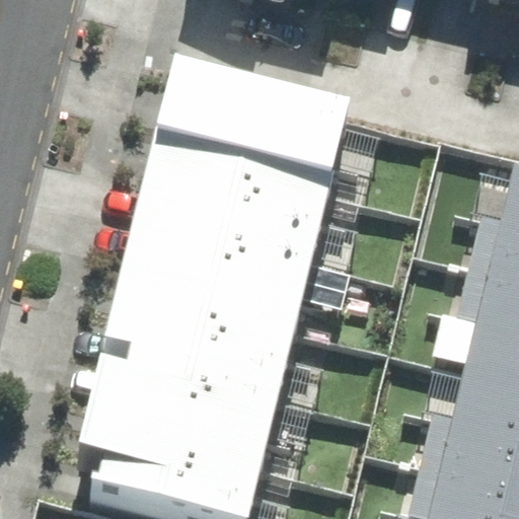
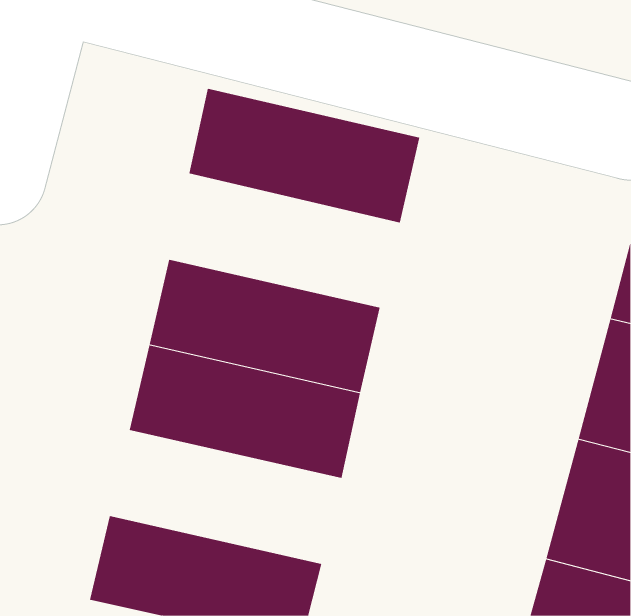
building: [138,142,327,251] -> none
building: [89,352,280,461] -> none

